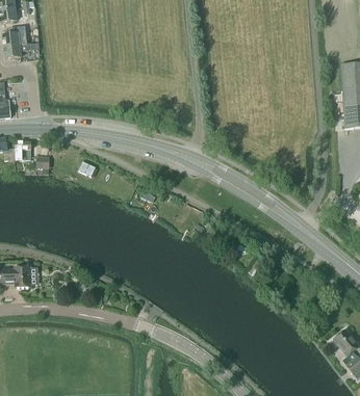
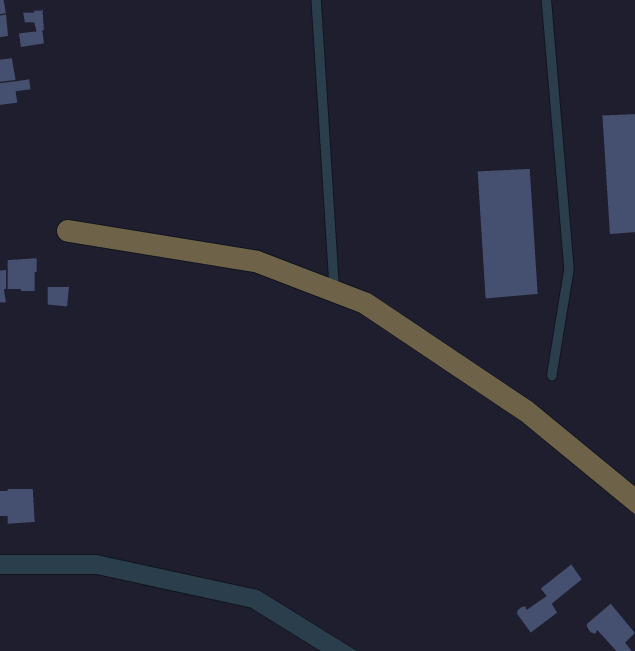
building: none -> [477,168,538,299]
building: none -> [516,563,583,634]

